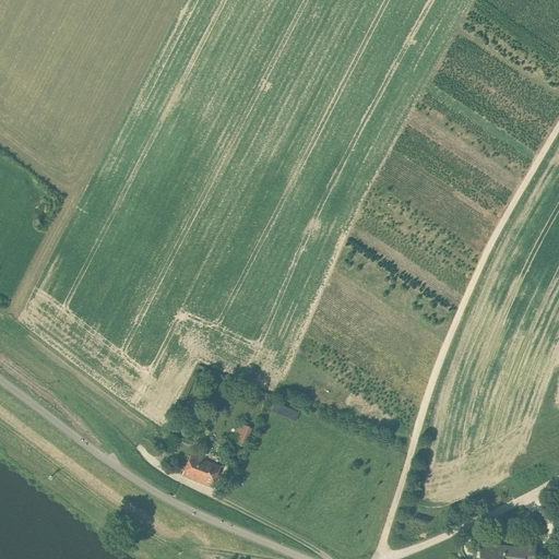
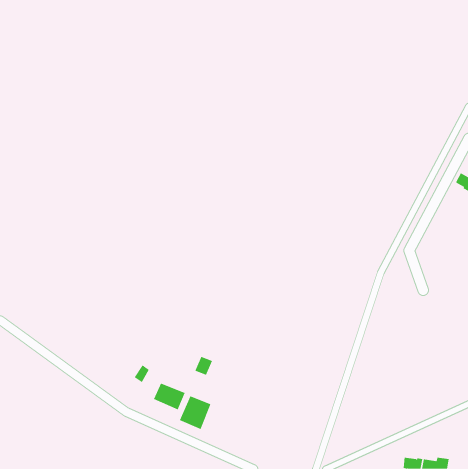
building: none -> [179,395,211,430]

